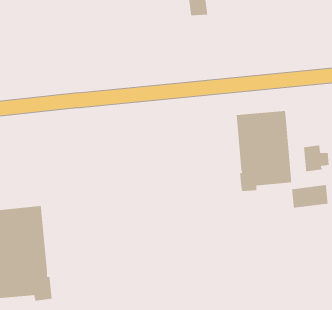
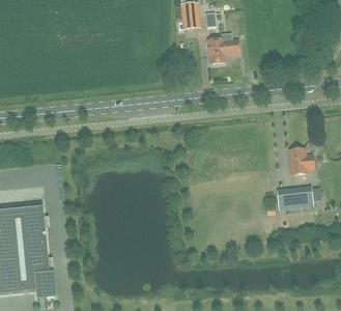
building: none -> [207,33,239,63]
building: [236,110,292,192] -> none

